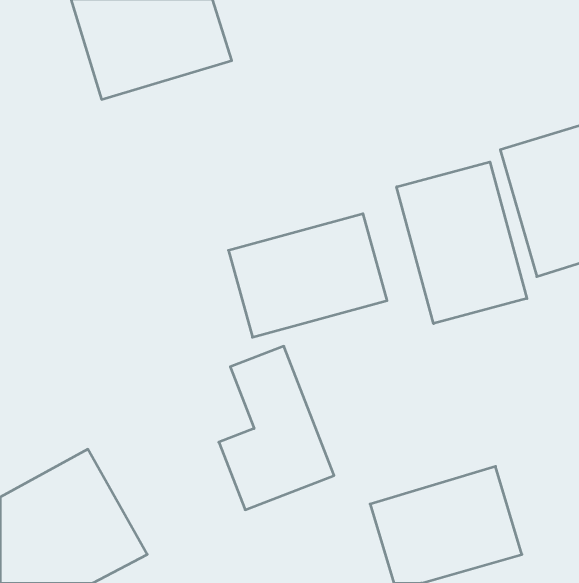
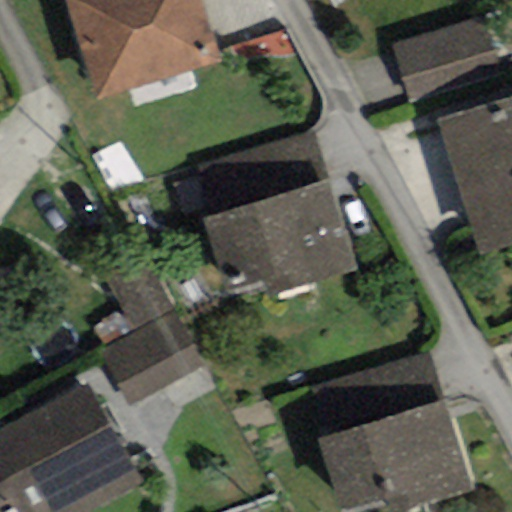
building: none -> [397,16,502,98]
building: [397,162,527,324] -> none
building: [219,346,334,510] -> [112,260,213,403]

